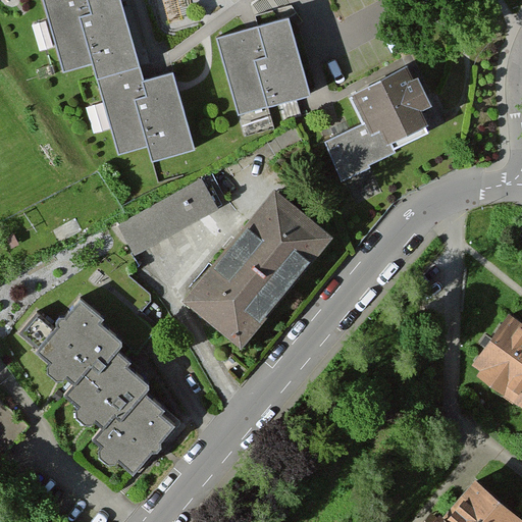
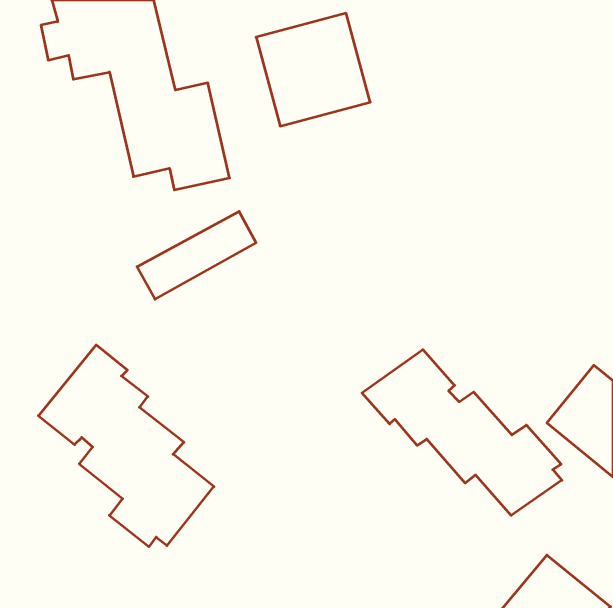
building: [325,68,429,175] -> none
building: [190,185,329,336] -> none
building: none -> [362,350,562,515]

